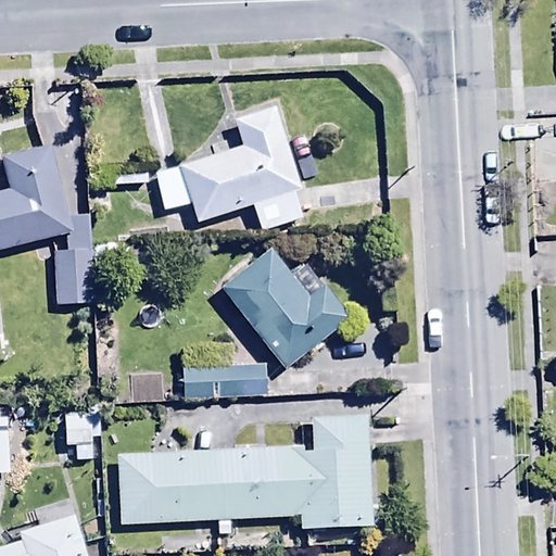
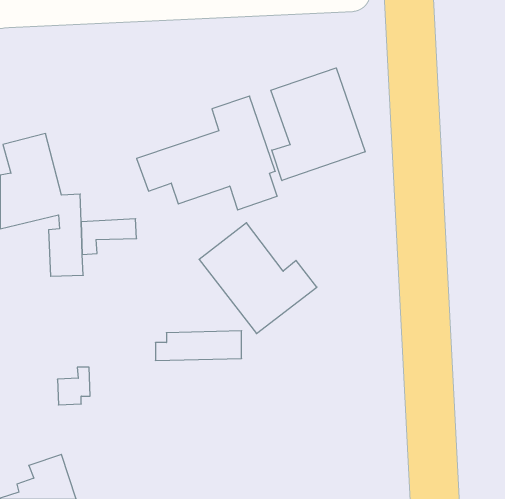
building: none -> [271,68,365,181]
building: [115,415,375,533] -> none

